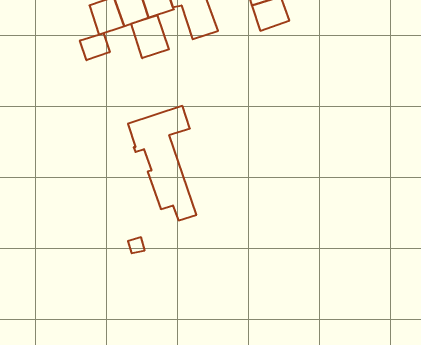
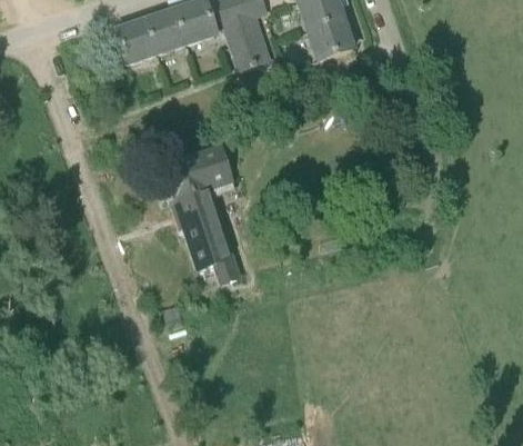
building: [131,15,169,58] -> none
building: [80,33,110,60] -> none

